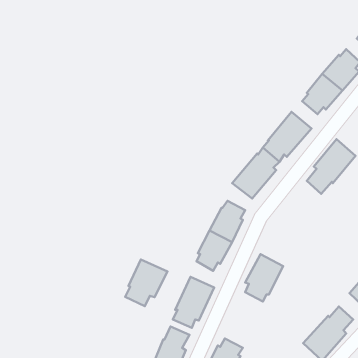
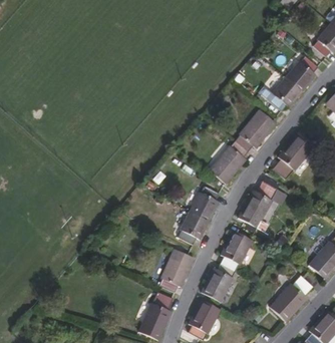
building: none -> [239,181,277,228]
building: [125,259,168,306] -> none
building: none -> [202,262,236,301]

